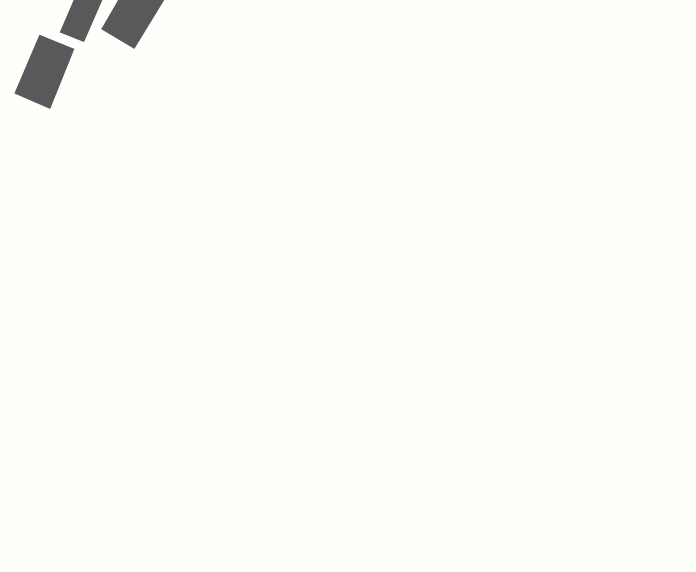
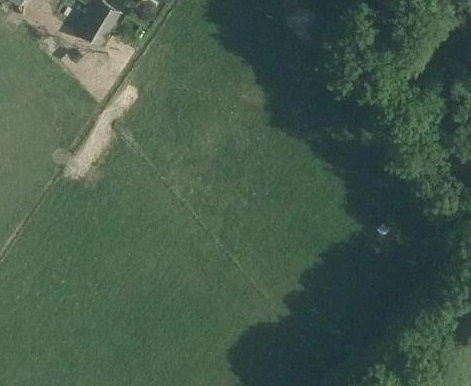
building: [14,34,75,110] -> none

